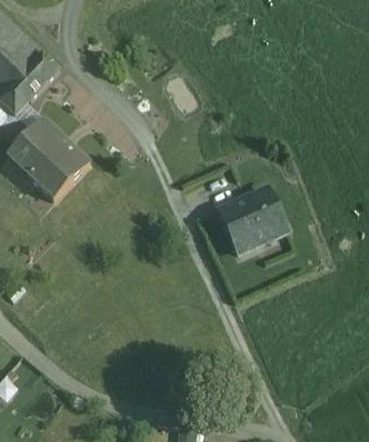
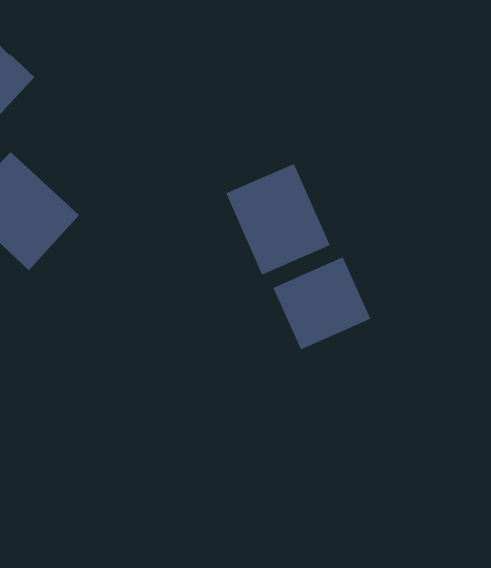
building: none -> [225,163,331,276]

